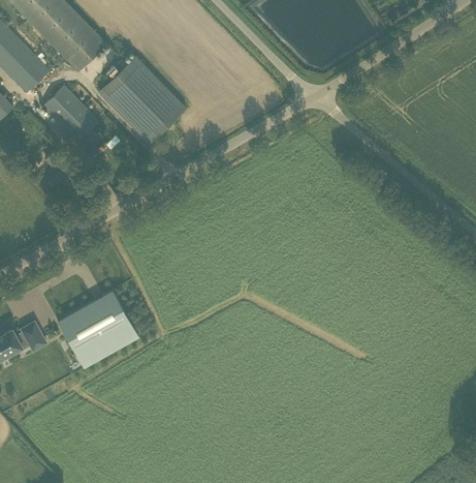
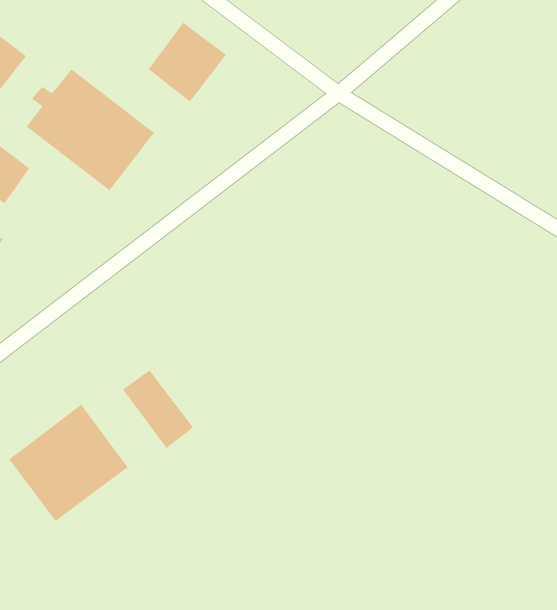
building: none -> [148,22,227,102]
building: none -> [122,369,194,449]

